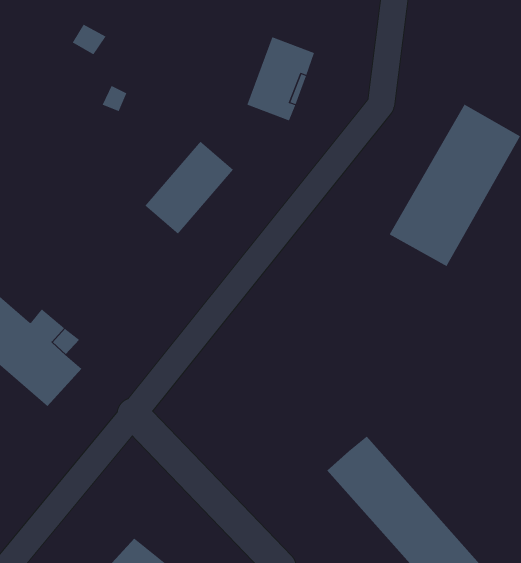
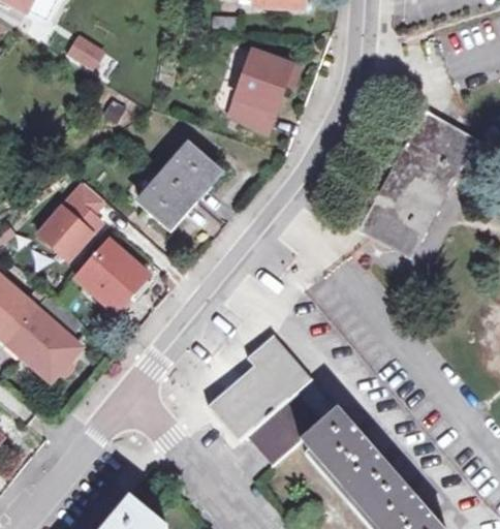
building: none -> [38,183,106,260]
building: none -> [76,240,147,311]
building: none -> [210,336,320,462]

